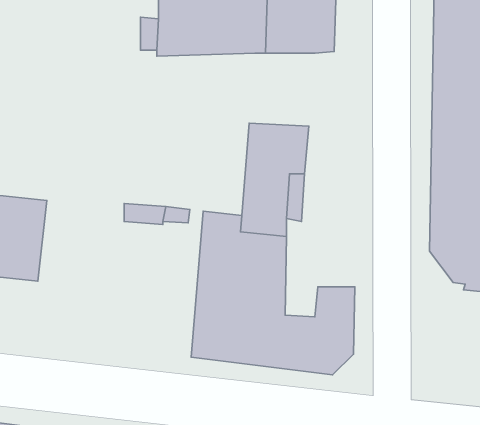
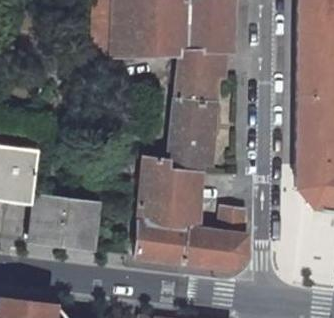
building: none -> [176,52,220,101]
building: none -> [37,199,96,245]

